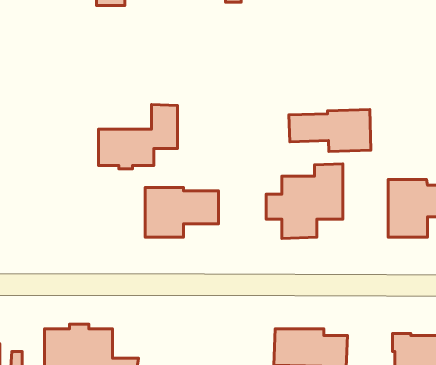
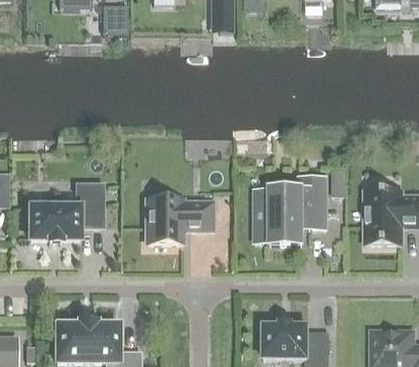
building: [98,104,178,169] -> [29,184,101,242]
building: [289,110,371,152] -> none

